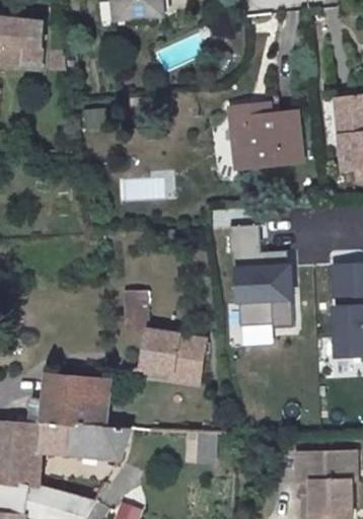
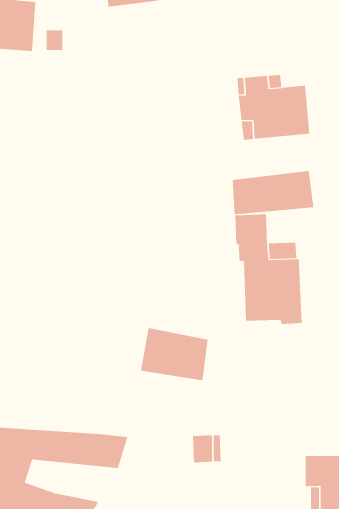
building: none -> [232,170,314,215]
building: [124,288,148,330] -> none
building: [42,375,112,429] -> none

